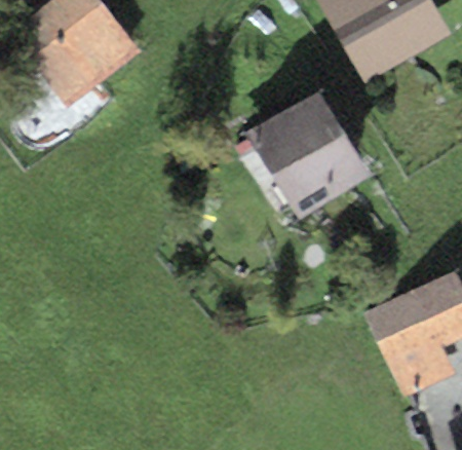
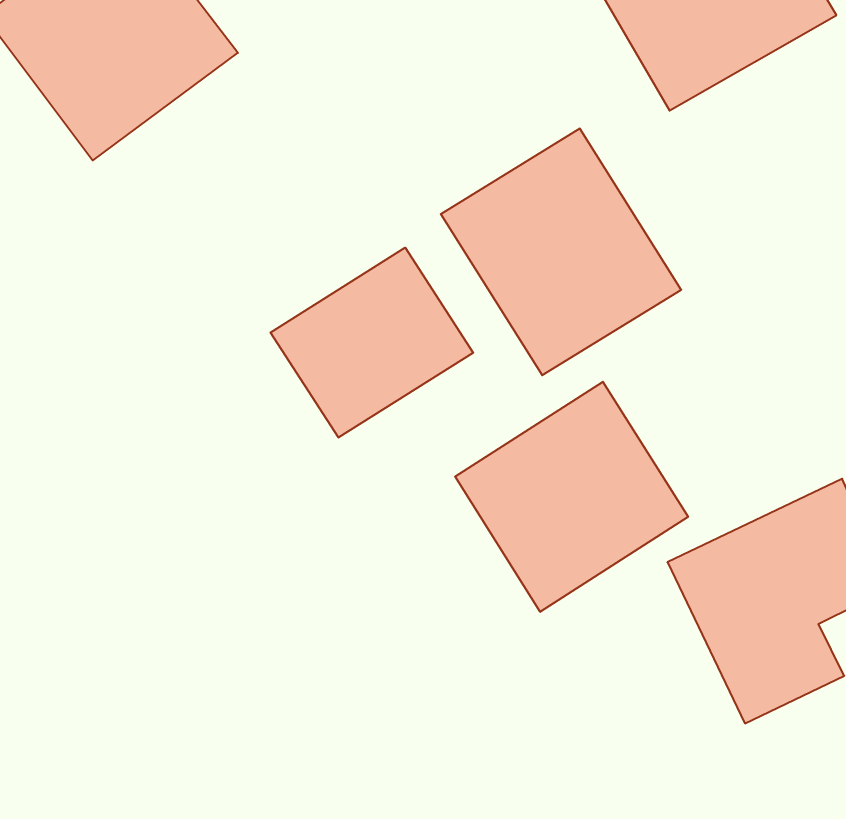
building: none -> [271,248,473,438]
building: none -> [455,382,688,612]

